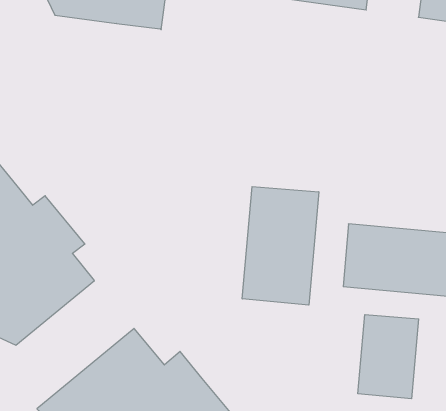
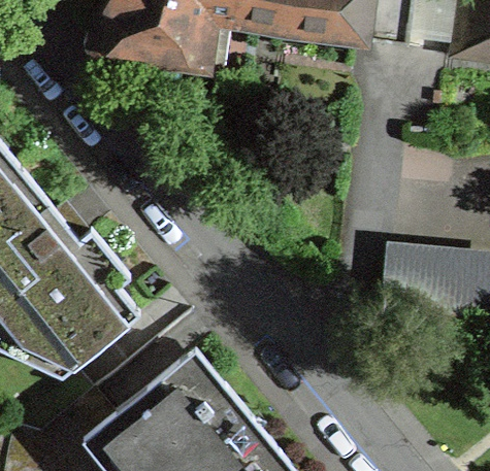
building: [242,187,319,305] -> none
building: [358,315,419,399] -> none

